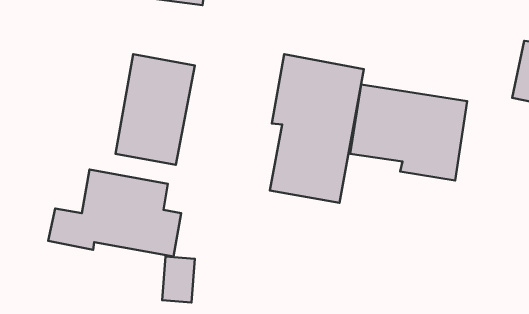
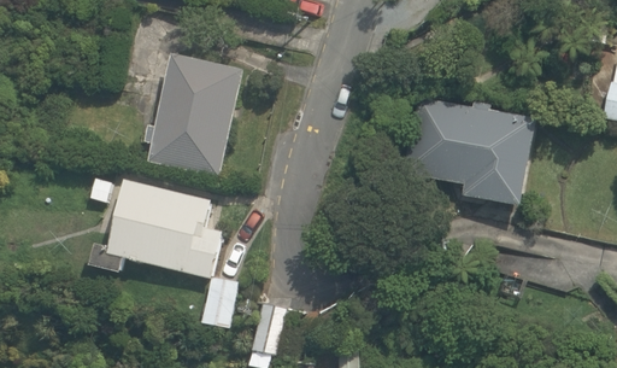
building: [270,54,364,203] -> none

